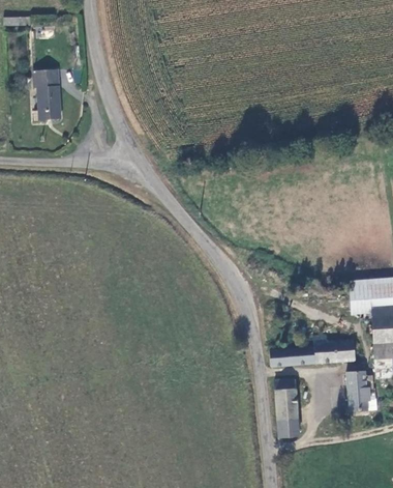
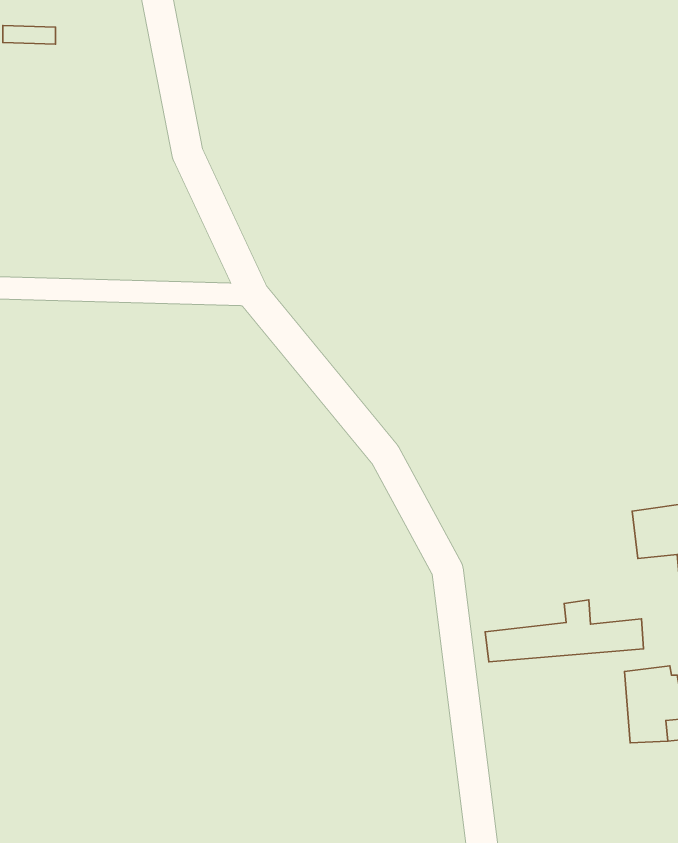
building: [31,69,57,119] -> none
building: [274,379,297,436] -> none

